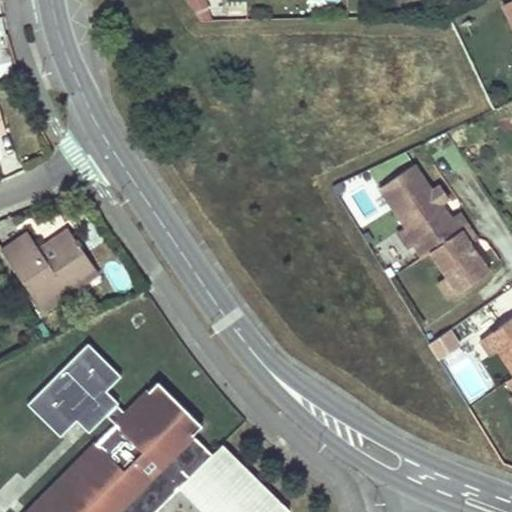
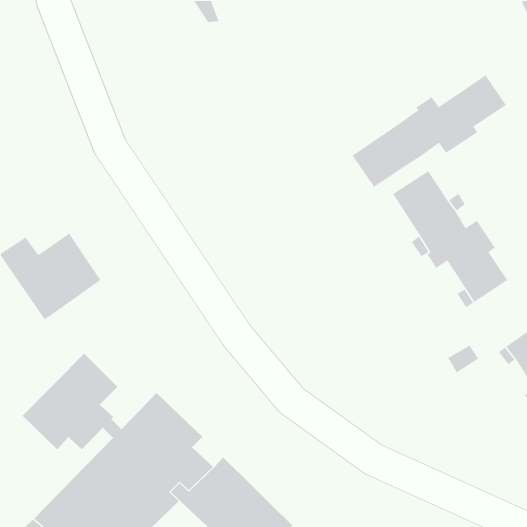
building: none -> [352,74,507,188]

